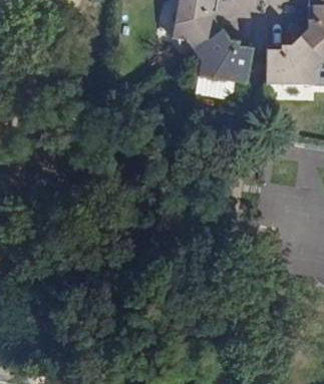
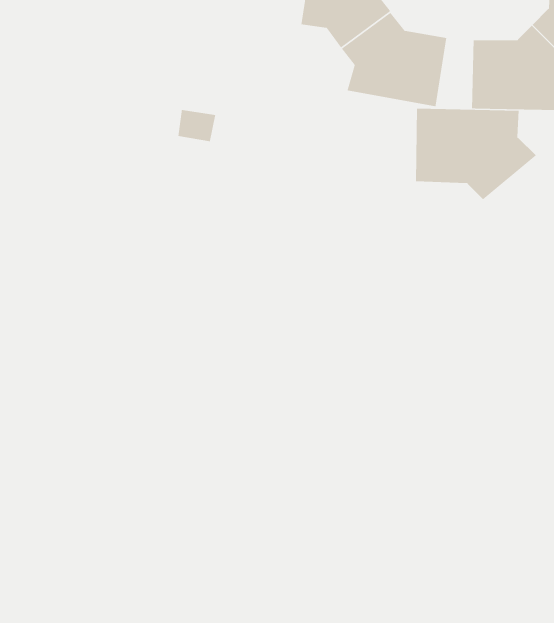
building: none -> [415,108,537,200]

